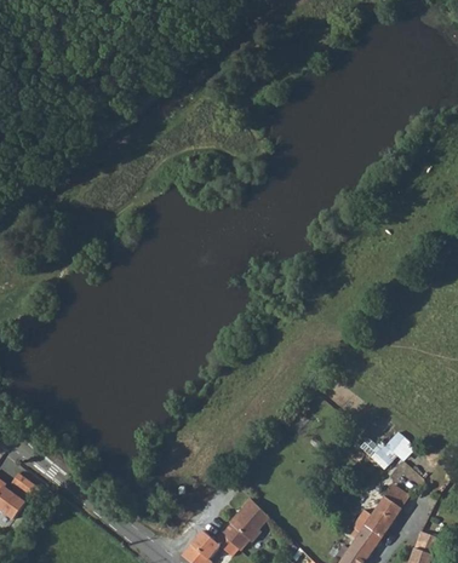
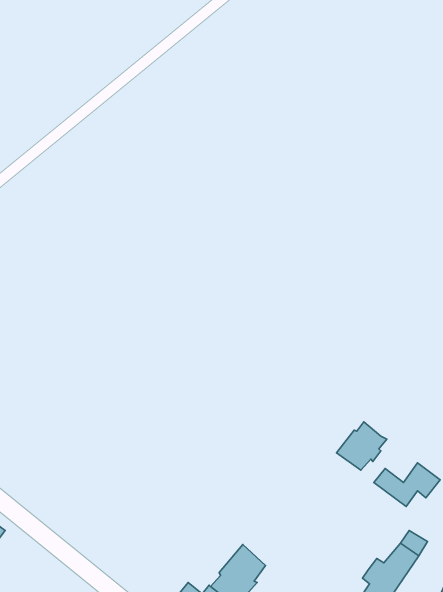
building: none -> [337,422,387,470]

